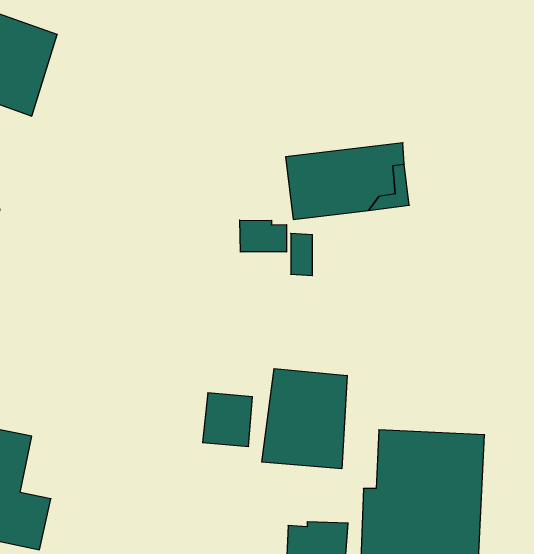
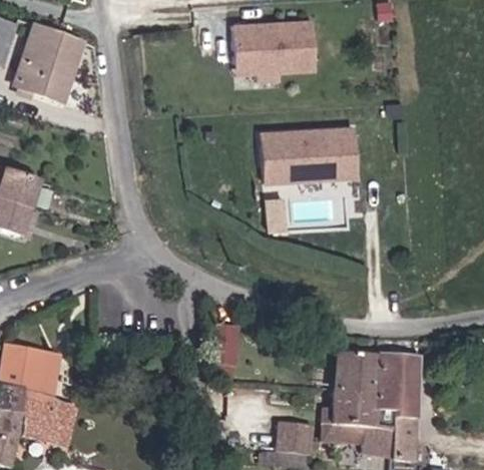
building: none -> [228,20,314,75]
building: [240,220,286,252] -> none
building: [262,369,347,469] -> none

